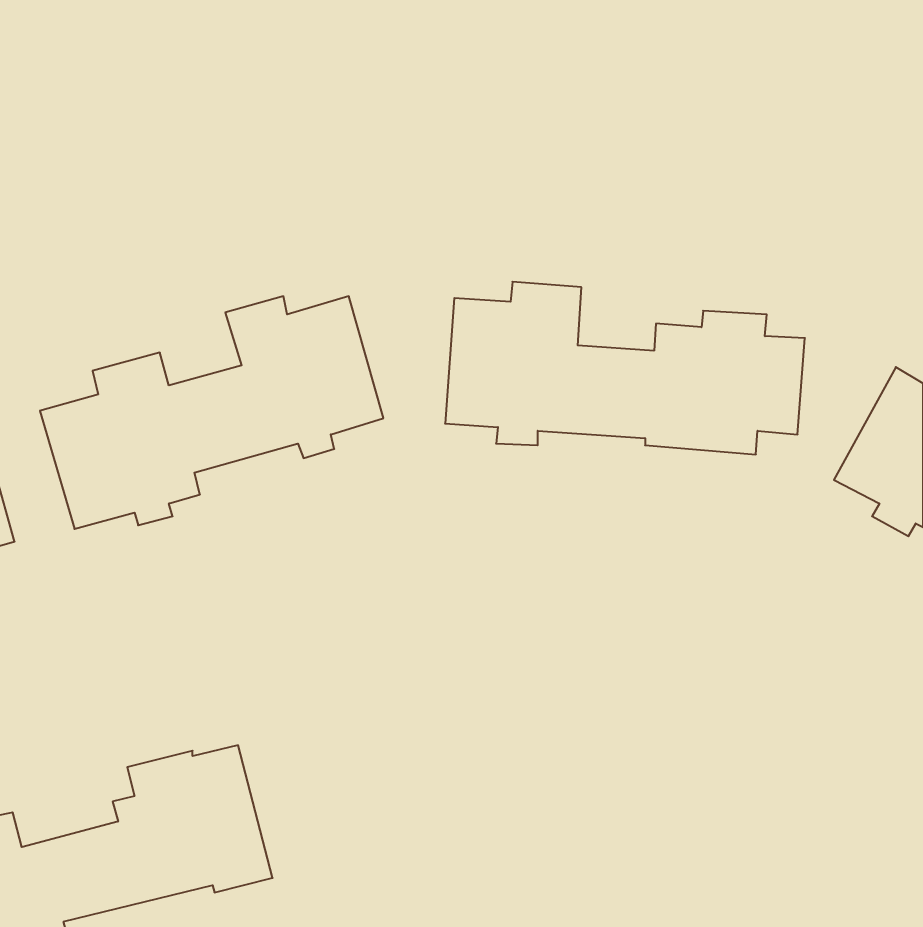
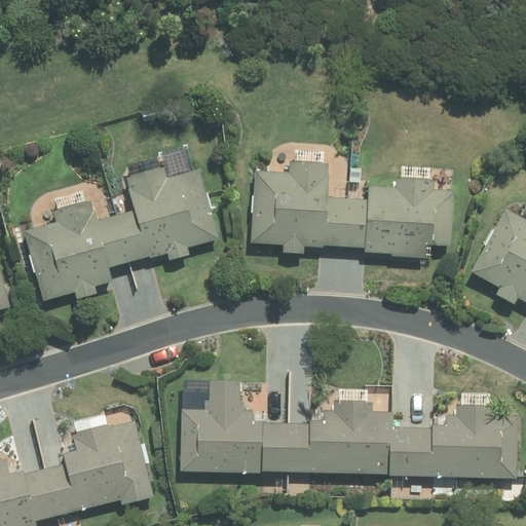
building: none -> [180,381,514,478]

